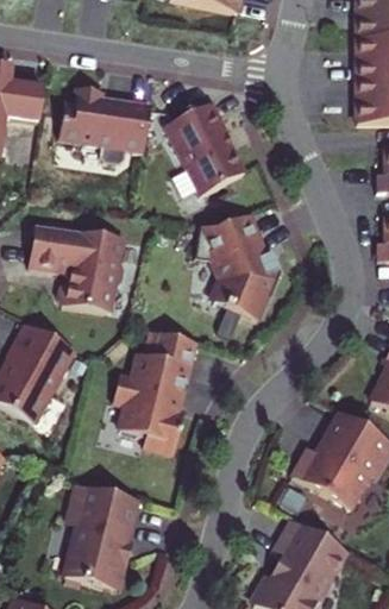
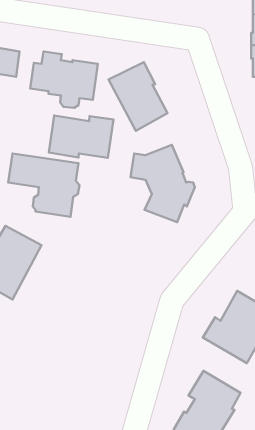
building: none -> [49,115,114,158]
building: [112,331,194,451] -> none
building: [64,482,137,584] -> none

